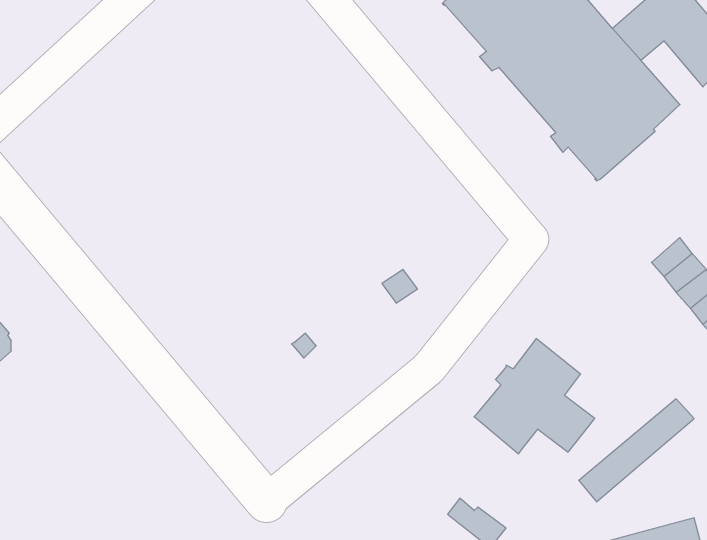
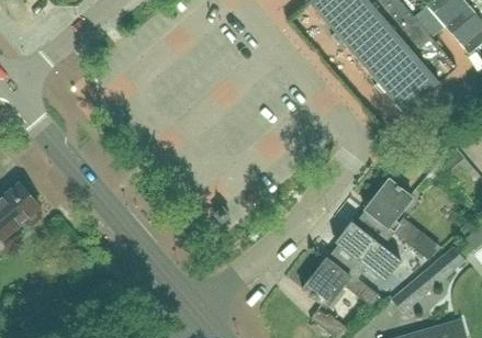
building: none -> [365,179,441,259]
building: none -> [302,257,380,307]

